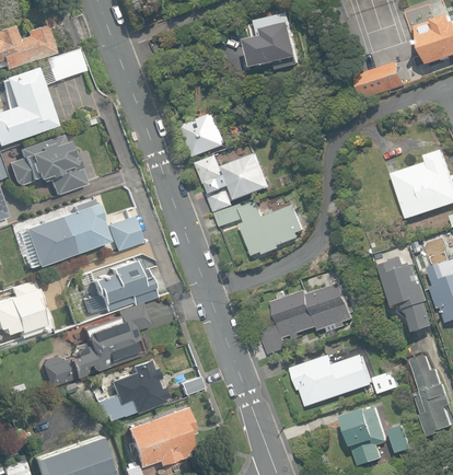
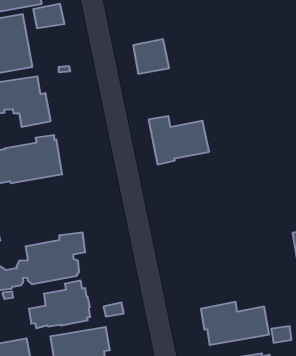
building: [248,14,299,68] -> none
building: [182,114,226,158] -> [133,39,169,74]
building: [214,201,303,255] -> none
building: [106,216,139,251] -> none
building: [84,260,154,313] -> none
building: [262,282,355,354] -> none

